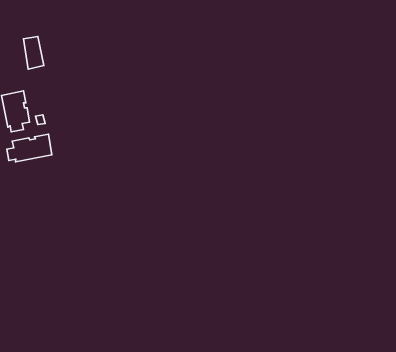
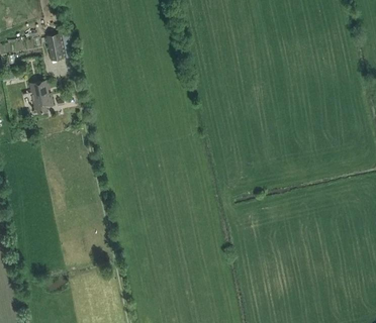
building: [7,134,52,162] -> none

